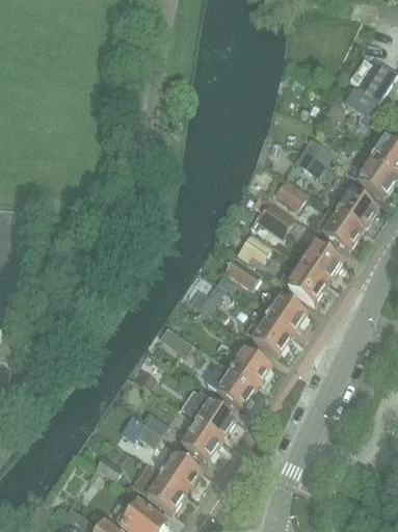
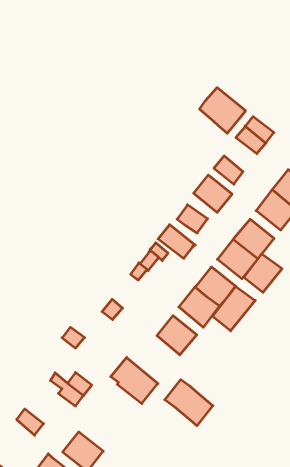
building: none -> [200,88,245,133]
building: none -> [244,254,282,292]
building: none -> [212,286,255,331]
building: [205,363,255,408] -> [165,380,213,426]
building: [179,422,220,461] -> none
building: [158,451,200,491] -> none

